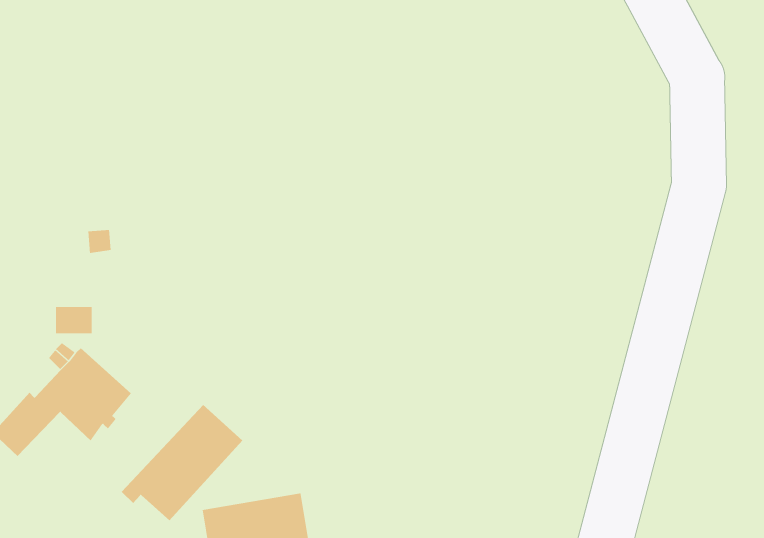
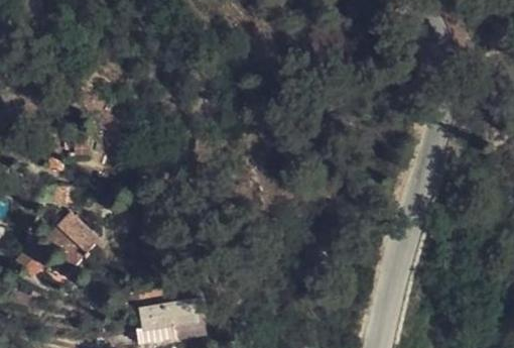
building: [121,404,243,521] -> none

